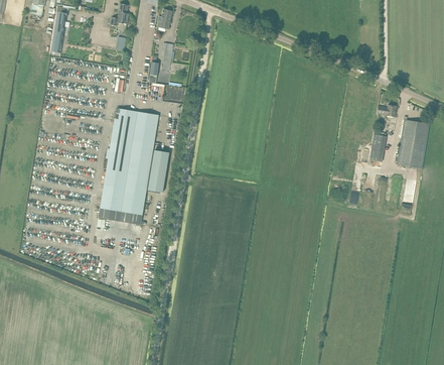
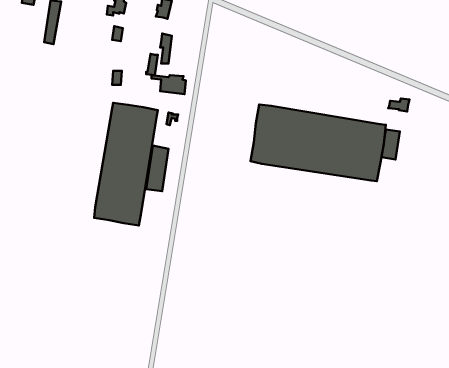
building: none -> [250,104,386,181]
building: [397,119,429,168] -> none

